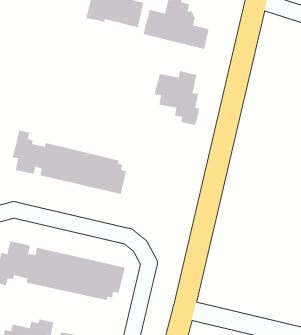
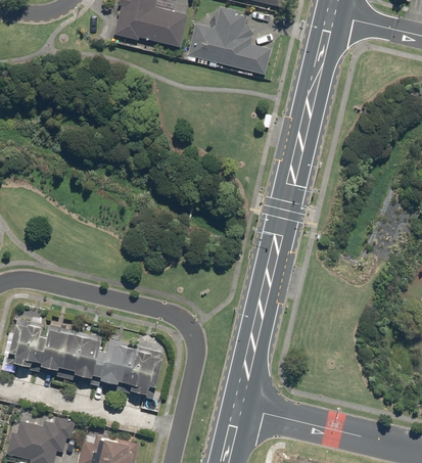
building: [154,70,200,126] -> none
building: [12,130,127,195] -> none

